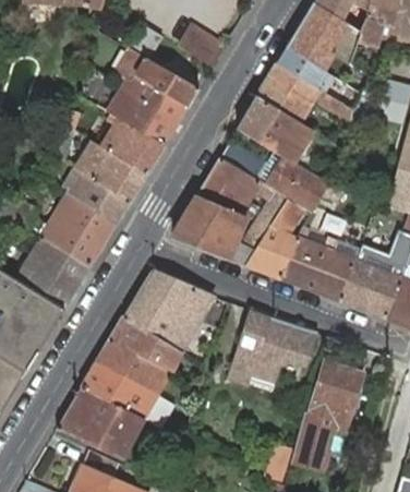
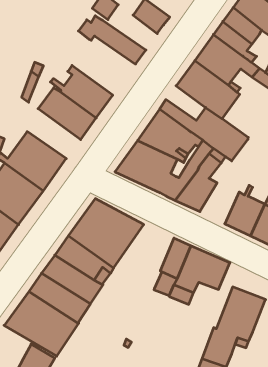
building: [110,76,188,145] -> none
building: [64,168,130,225] -> none
building: [278,225,323,287] -> none

